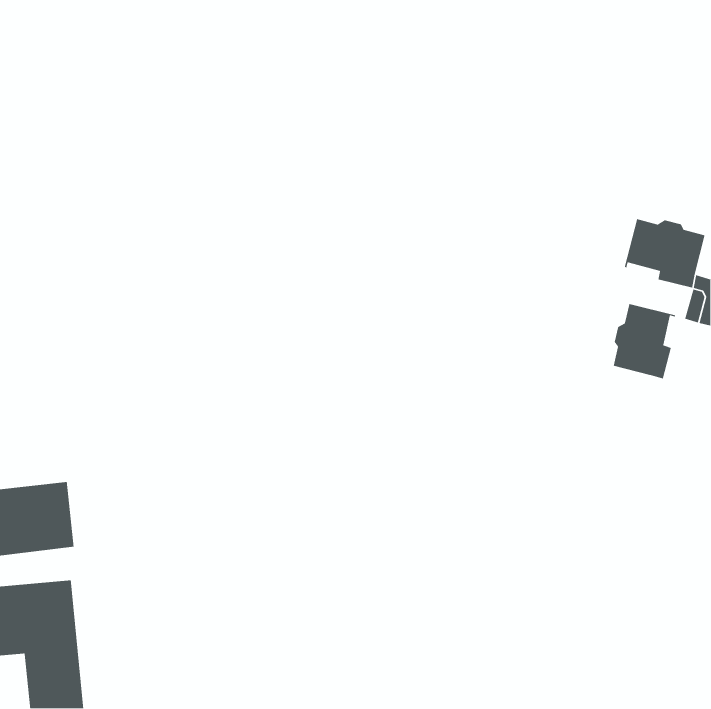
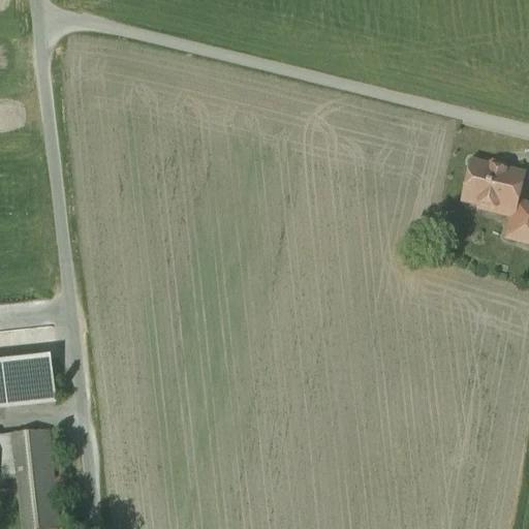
building: [613,303,676,380] -> none

